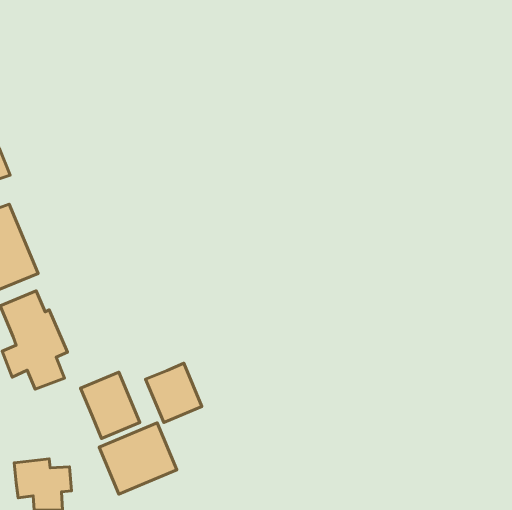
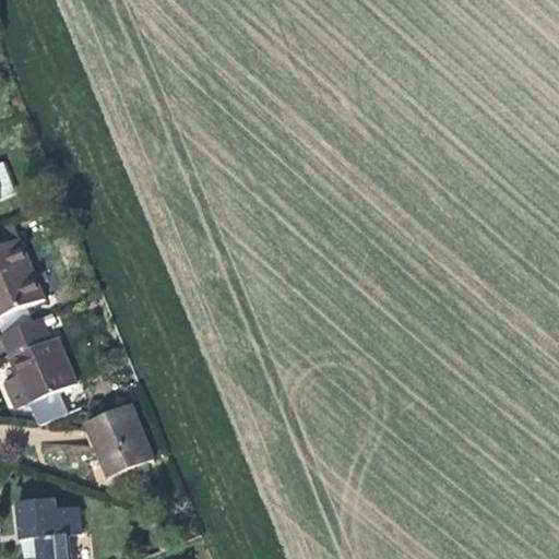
building: [146,363,202,423] -> none
building: [99,423,177,494] -> none

